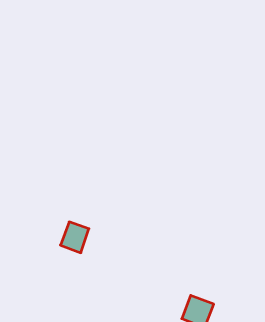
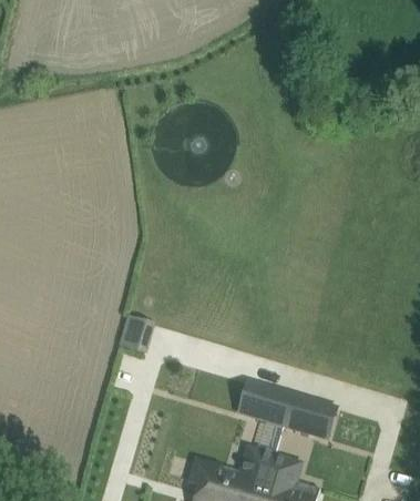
building: none -> [250,385,291,425]

